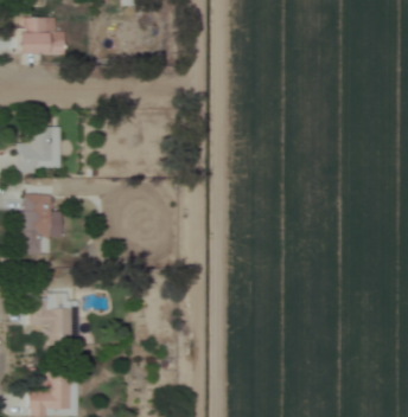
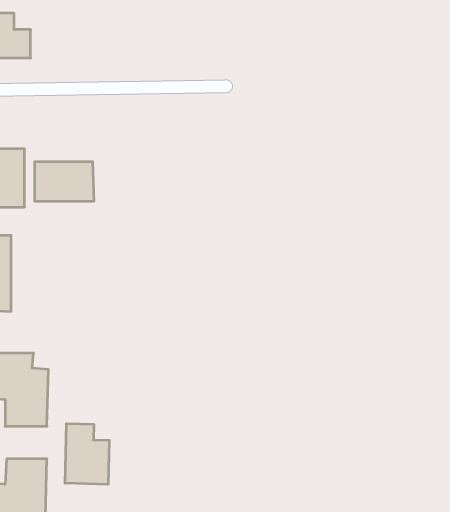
building: none -> [35,162,94,201]
building: none -> [65,424,109,484]

